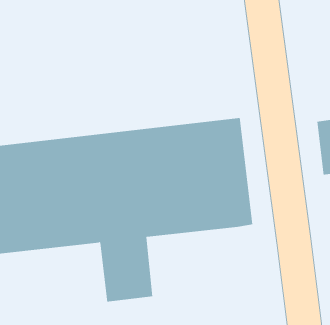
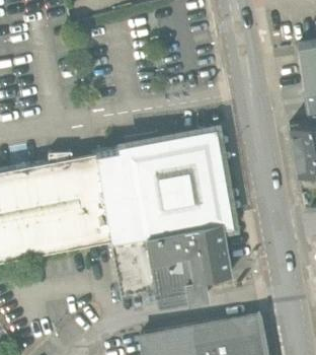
building: none -> [146,224,233,306]

